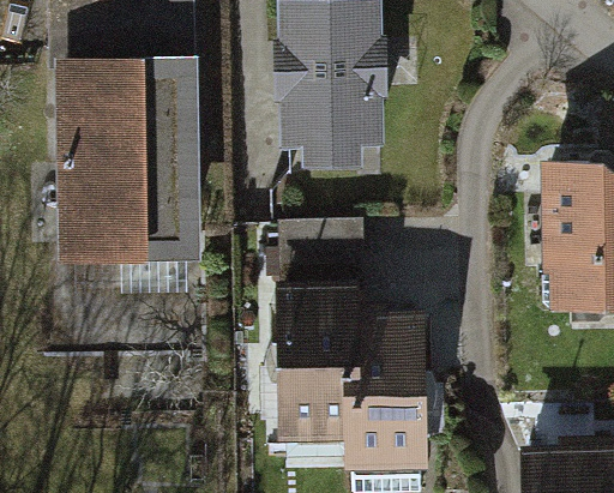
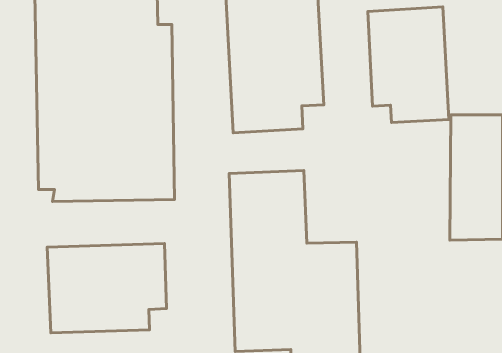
building: none -> [368,7,449,122]
building: none -> [47,243,167,333]

